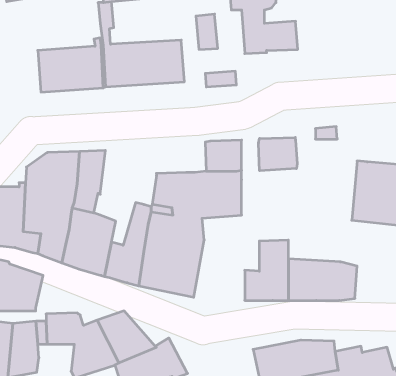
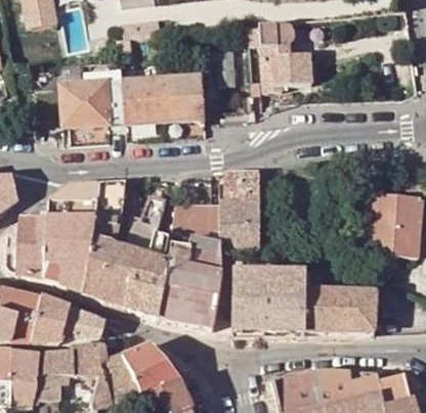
building: [259,137,297,171] -> none
building: none -> [126,196,166,277]
building: none -> [232,272,278,331]
building: none -> [57,307,101,338]

